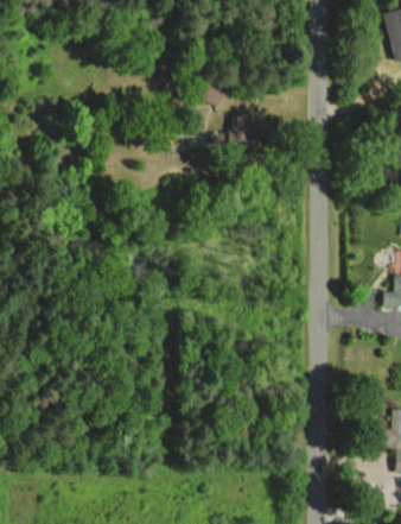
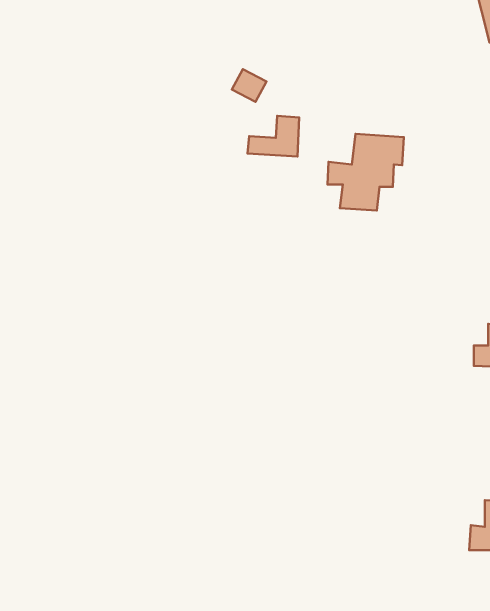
building: none -> [328,134,404,210]

